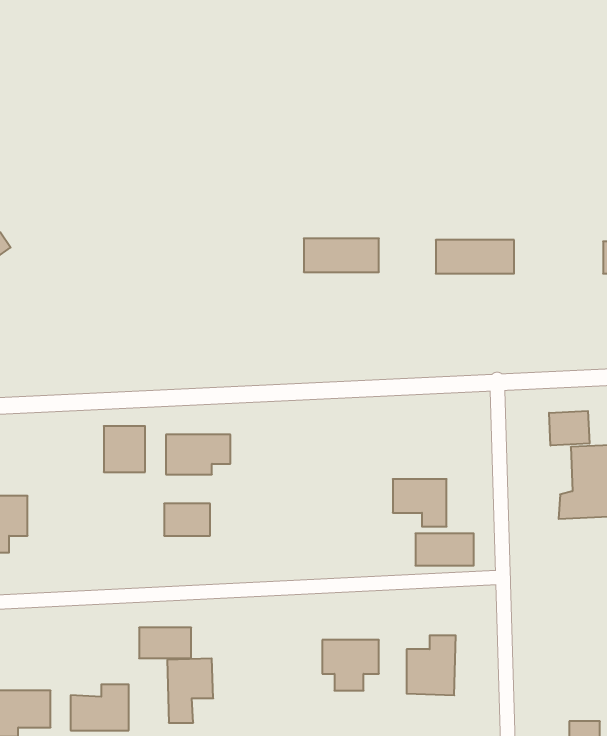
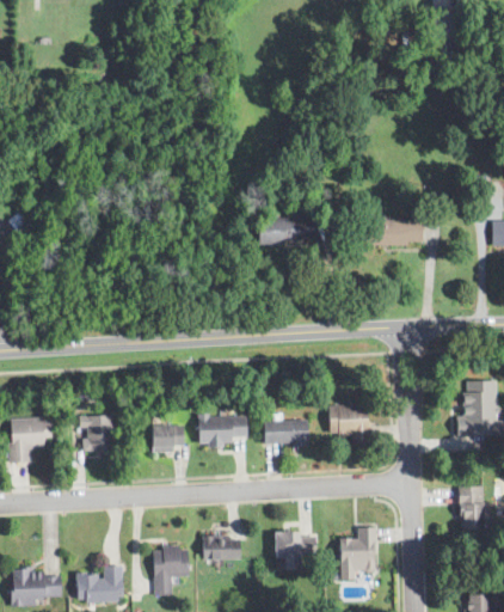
building: [549,411,589,446] -> none
building: [104,426,145,472] -> [81,416,113,452]
building: [166,435,230,474] -> [198,414,248,445]
building: [415,533,474,566] -> [263,420,308,445]
building: none -> [459,485,485,527]
building: [139,628,191,658] -> [201,536,241,559]

